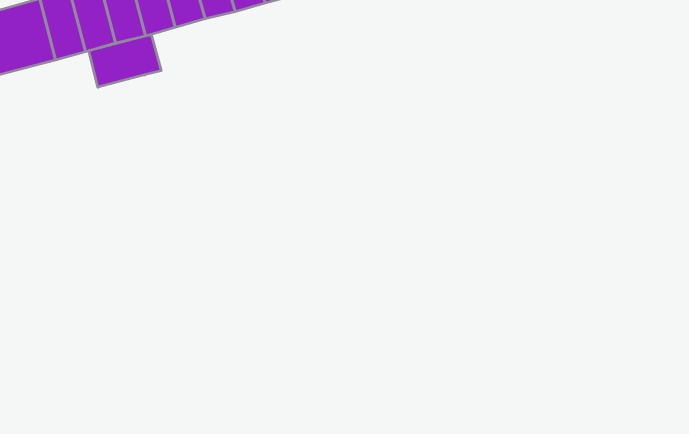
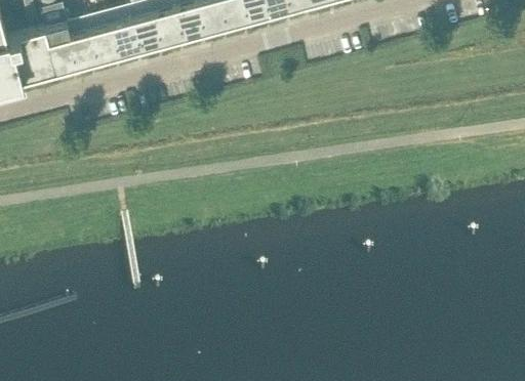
building: [89,35,161,87] -> none

